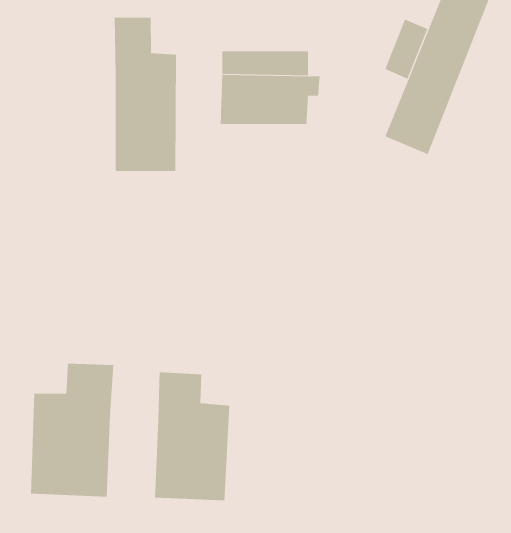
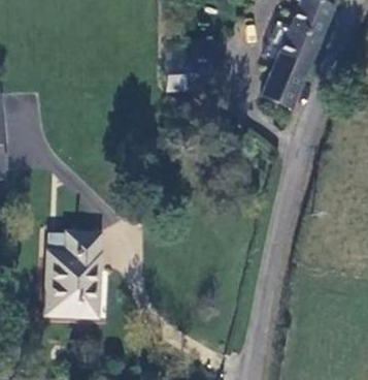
building: [114,17,176,172] -> none
building: [154,371,230,501] -> none

